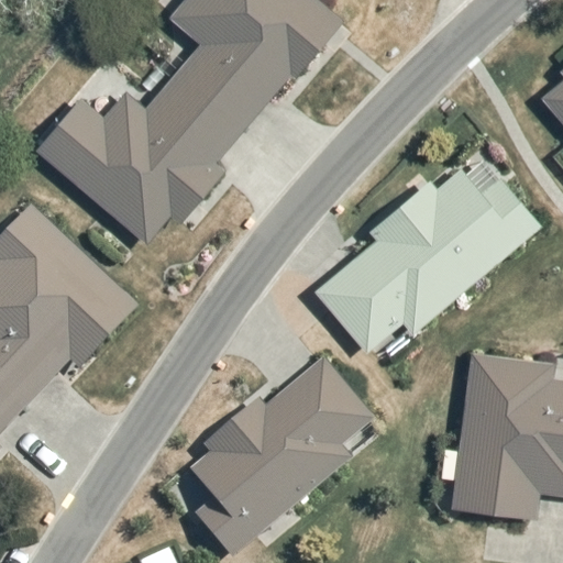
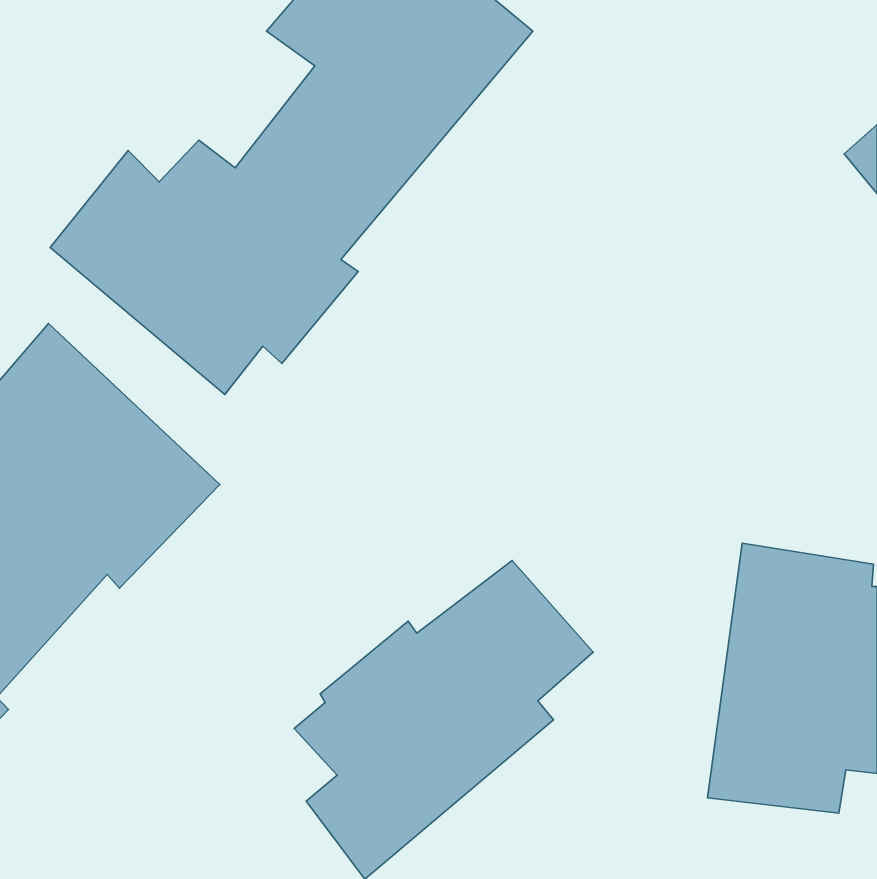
building: [311,167,542,351] -> none

